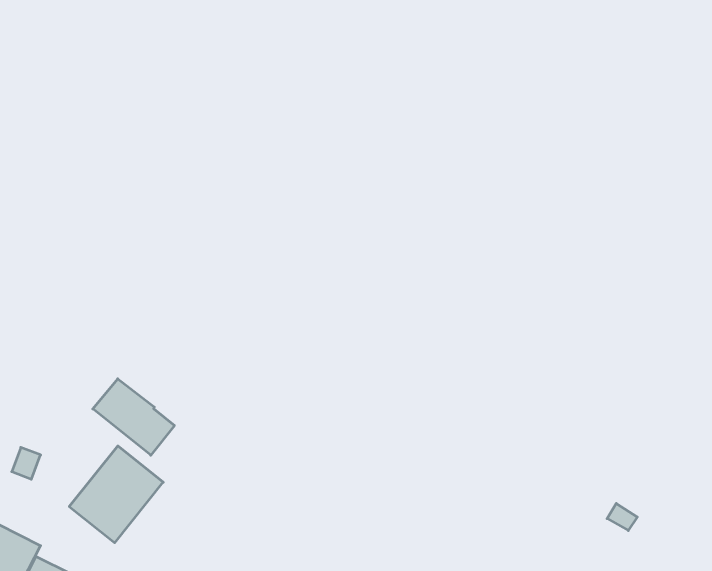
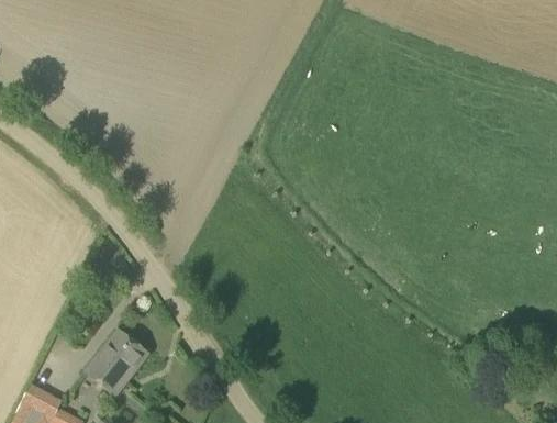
building: [93,379,174,455] -> none

